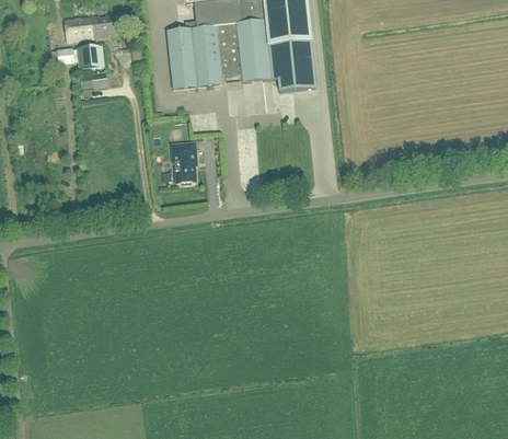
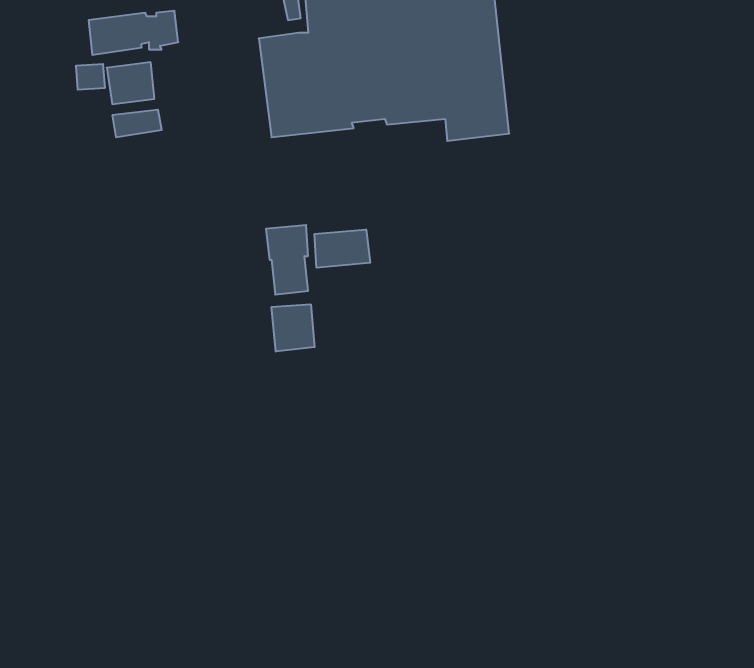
building: none -> [315,229,370,268]
building: none -> [272,304,314,352]

